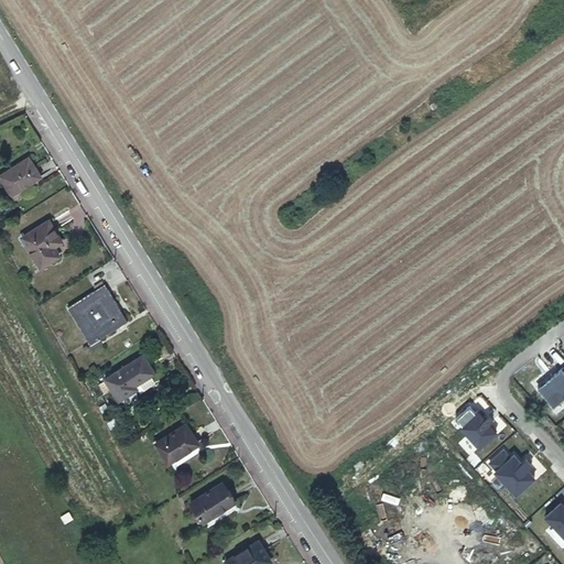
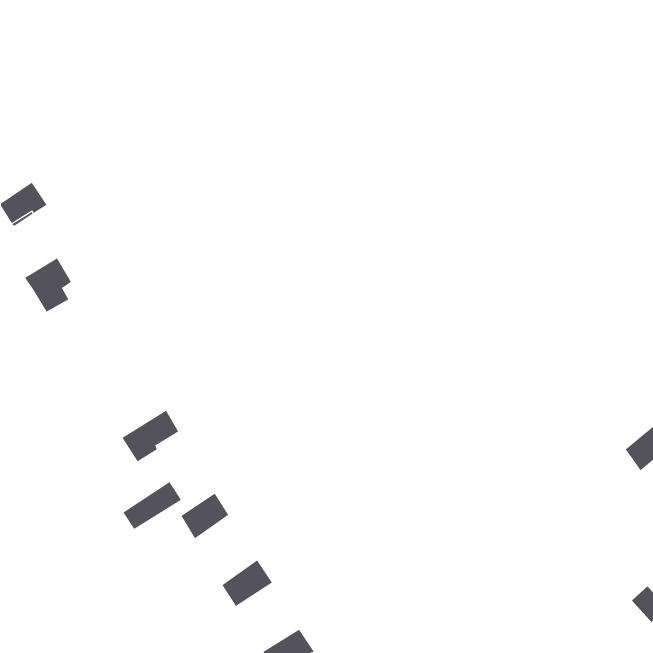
building: [68,285,129,347] -> none
building: [455,409,495,449] -> none
building: none -> [122,481,182,530]
building: [490,453,532,497] -> none

